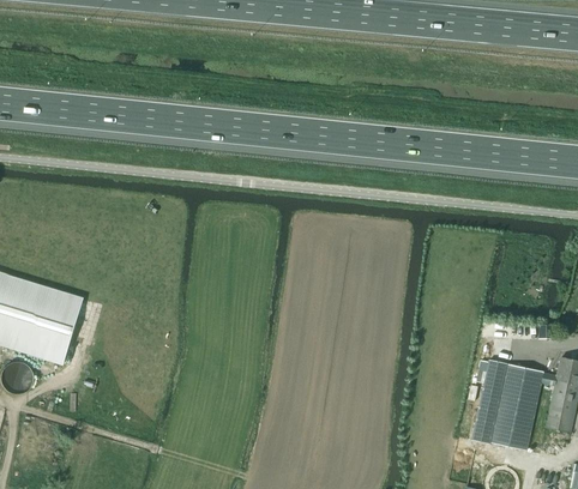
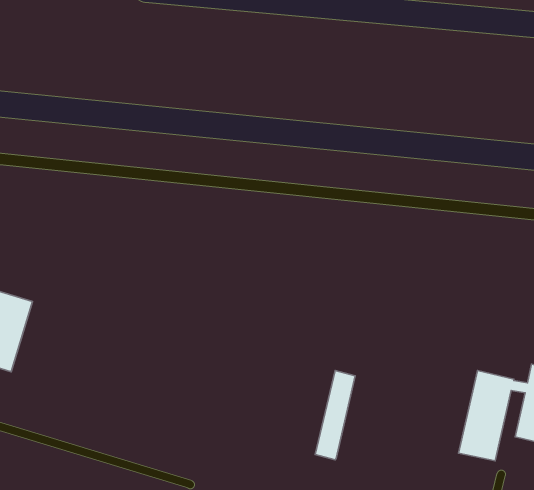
building: [470,358,508,443] -> [315,371,355,460]

